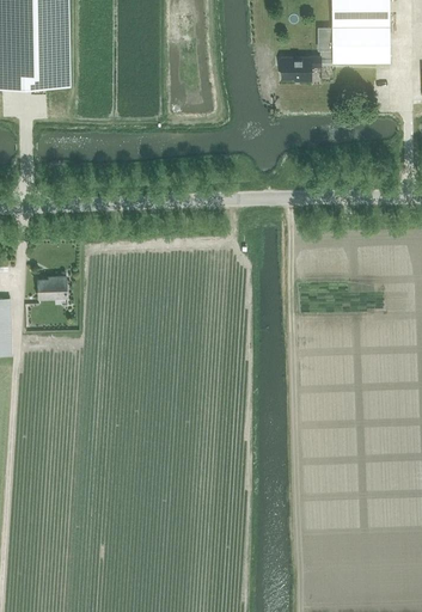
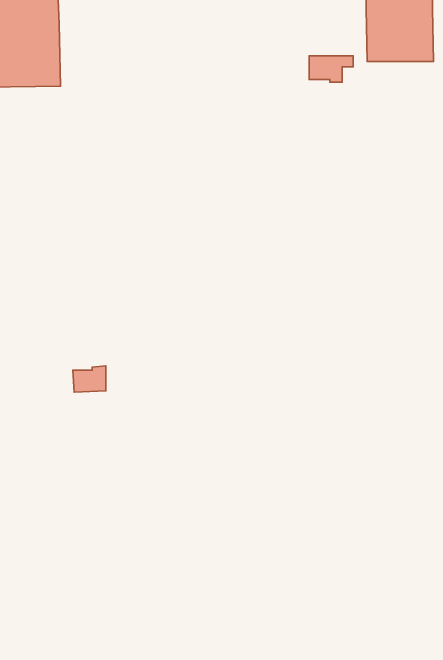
building: [39,275,68,298] -> [73,366,106,392]

